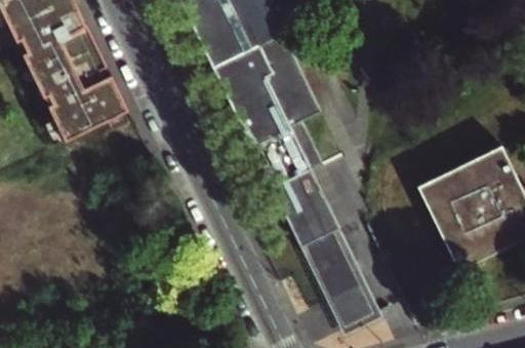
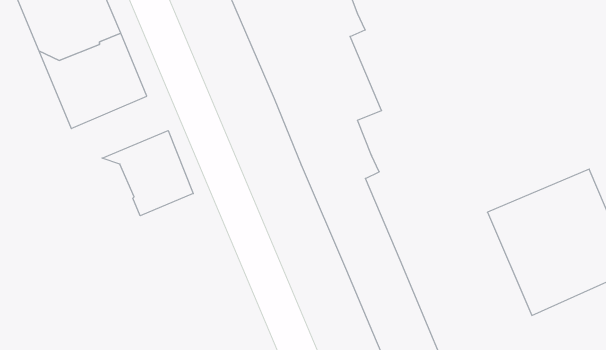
building: none -> [102,131,193,216]

